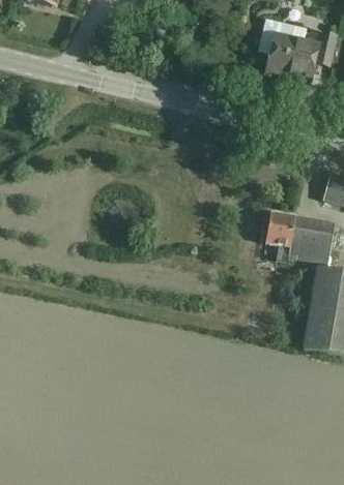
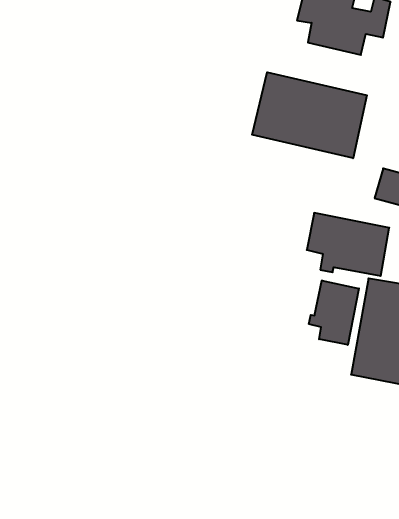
building: none -> [252,72,367,158]
building: none -> [309,280,359,345]

